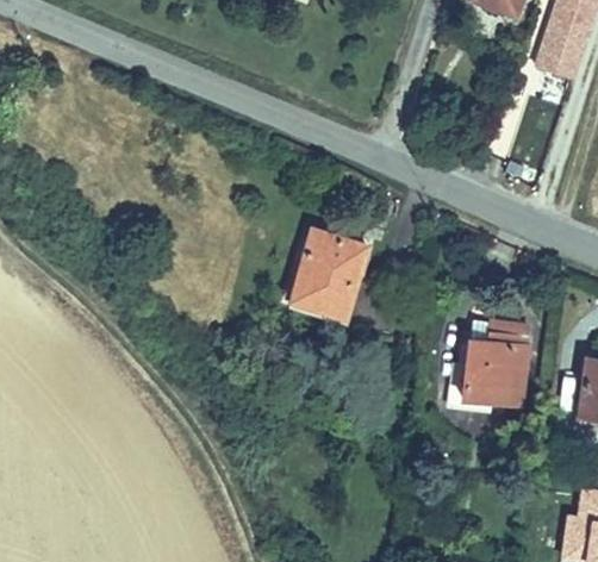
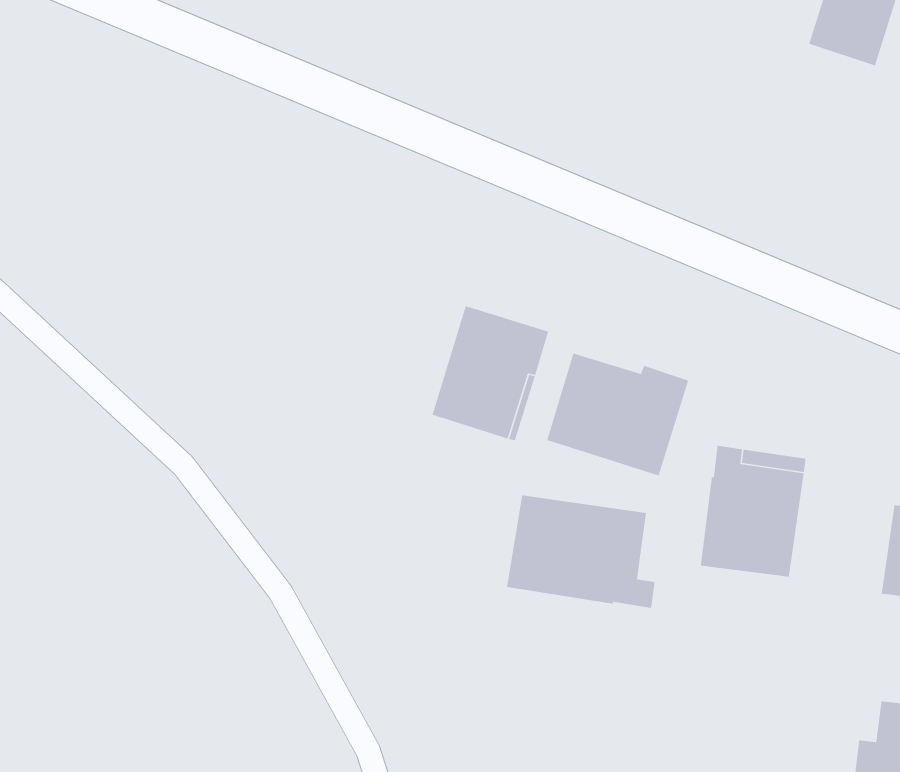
building: none -> [546,352,689,476]
building: none -> [506,495,656,609]

